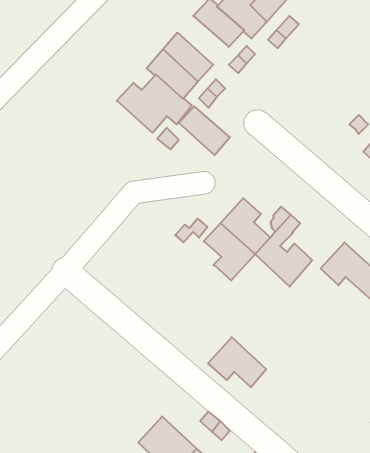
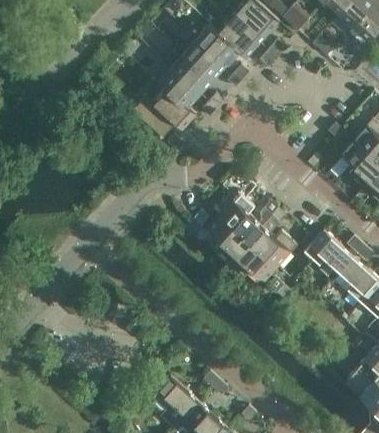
building: [179,106,230,155] -> [183,39,226,80]
building: [208,337,266,387] -> [228,239,277,281]

